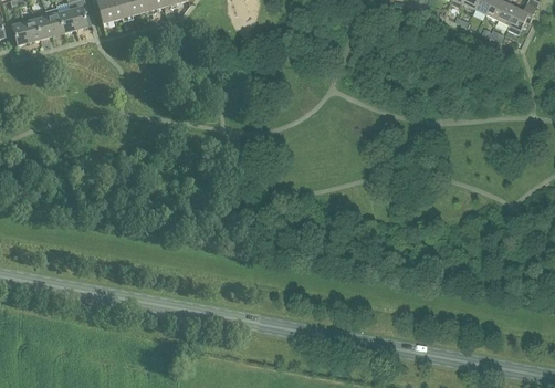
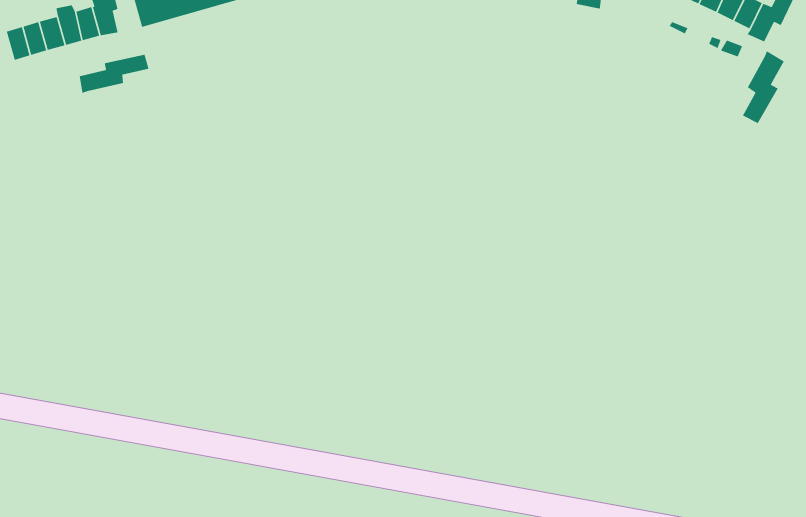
building: none -> [742,50,785,124]
building: none -> [79,54,149,94]

